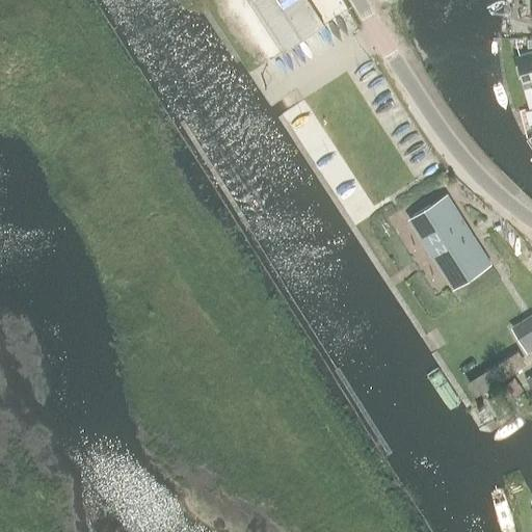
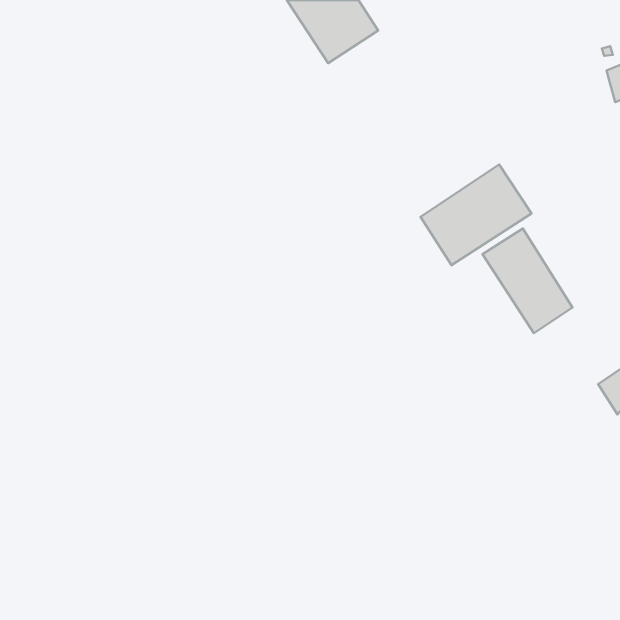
building: none -> [421,164,531,265]

